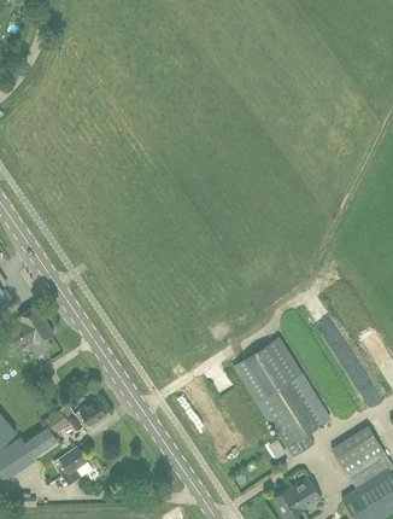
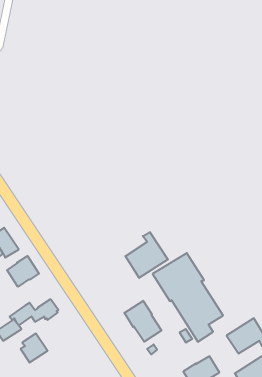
building: none -> [125,232,168,278]
building: none -> [7,256,39,287]
building: none -> [124,301,161,342]

